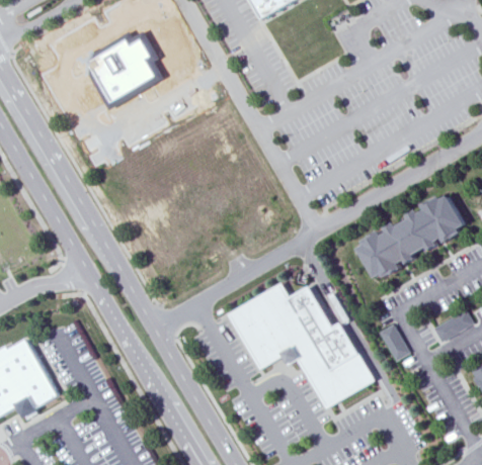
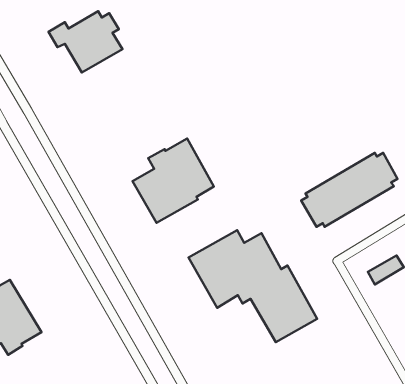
building: none -> [132,138,214,223]
building: [377,323,407,361] -> none

